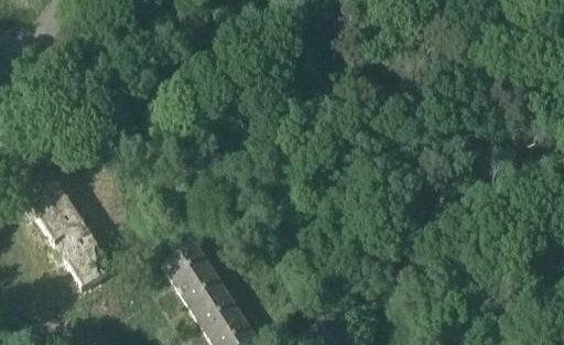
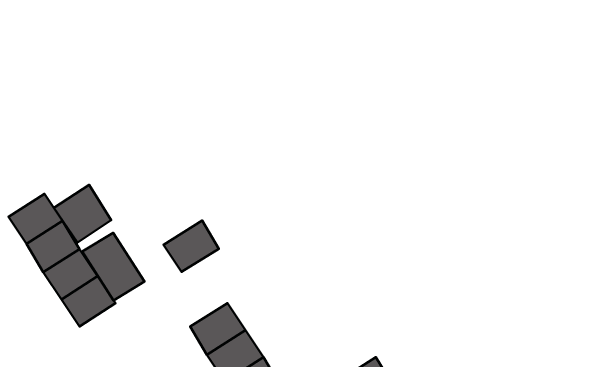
building: none -> [54,185,111,243]
building: none -> [82,233,145,300]
building: [162,241,209,285] -> [163,220,219,272]

